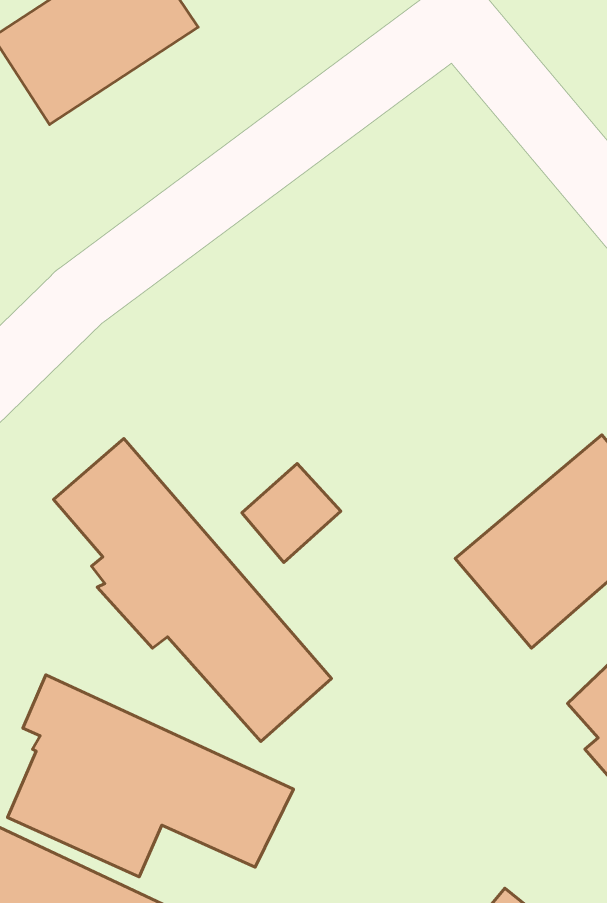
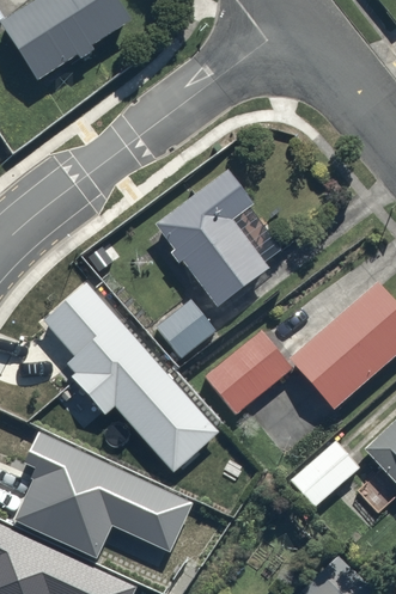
building: none -> [157,164,274,307]
building: none -> [206,329,294,415]
building: none -> [293,440,361,508]

